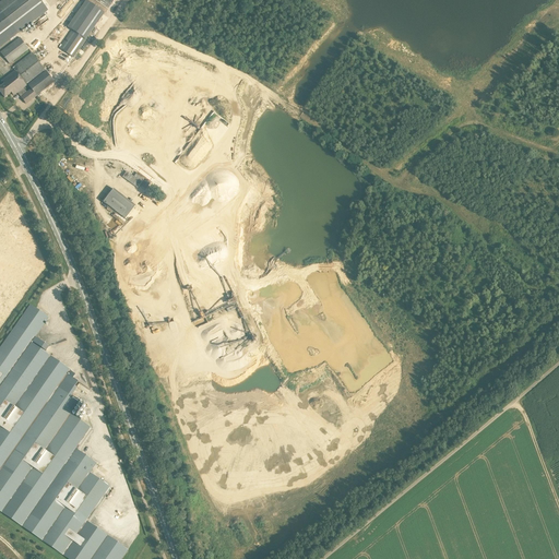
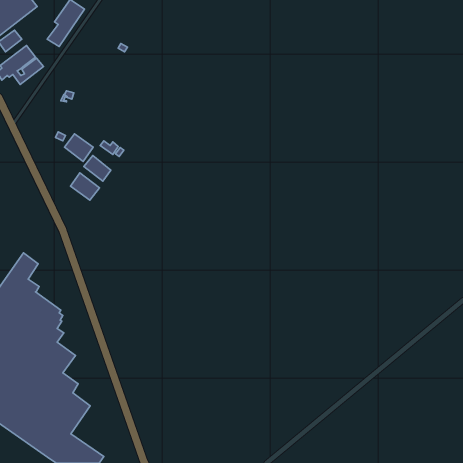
building: none -> [64,134,93,161]
building: none -> [70,173,99,200]

